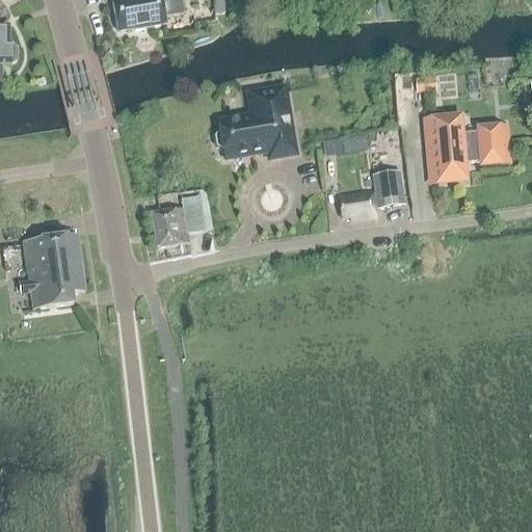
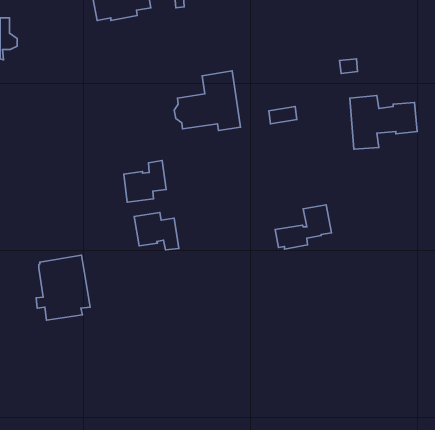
building: [338,166,406,220] -> [275,205,331,249]
building: [20,227,85,305] -> [36,255,90,320]
building: none -> [134,212,179,250]

